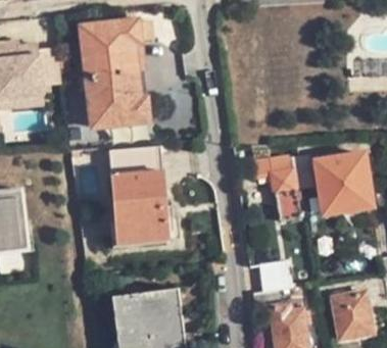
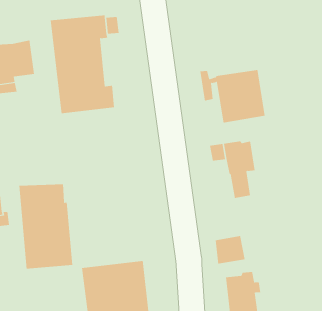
building: [107,148,167,242] -> [18,184,73,269]
building: [298,155,371,214] -> [200,69,265,123]
building: [331,292,371,340] -> none

